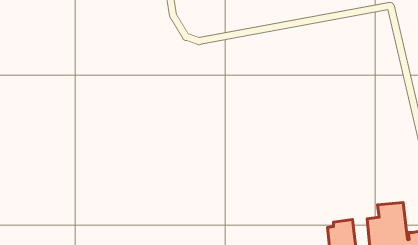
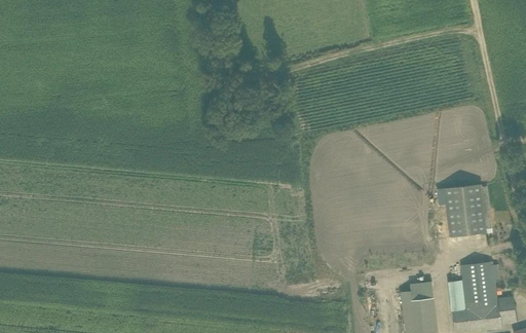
building: none -> [445,182,486,235]

